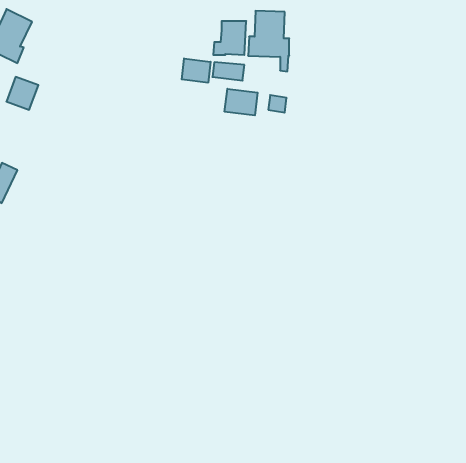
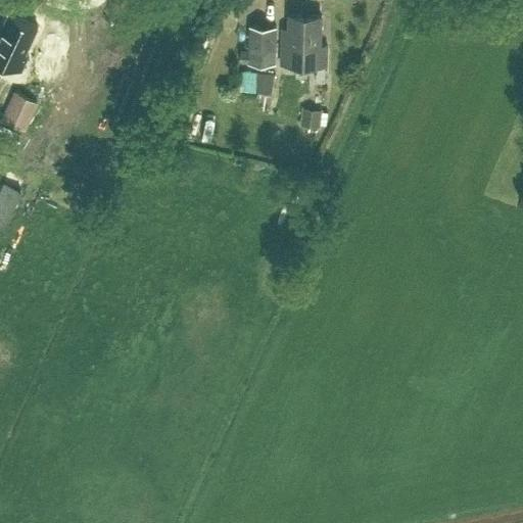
building: [182,58,211,83] -> none
building: [225,89,258,115] -> none

